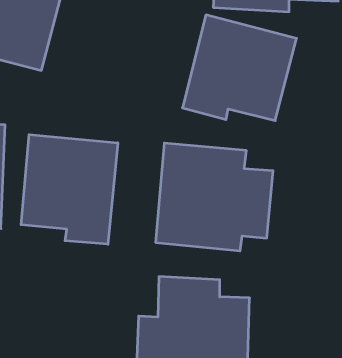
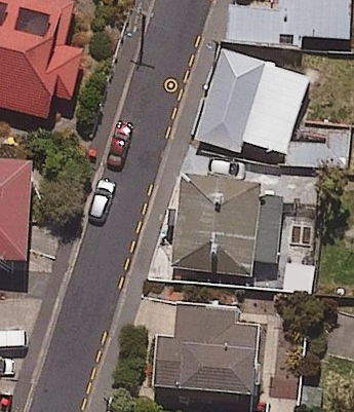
building: [21,135,118,244] -> none

